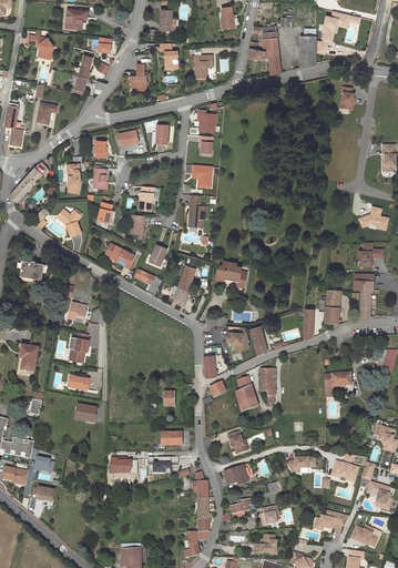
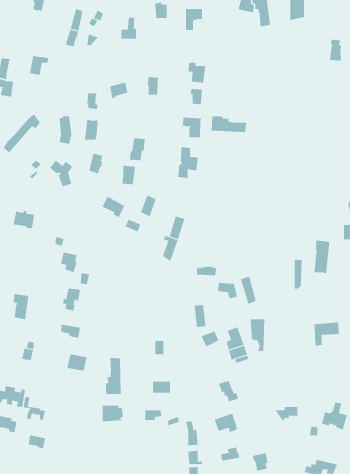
building: none -> [211,116,247,133]
building: [216,262,247,287] -> none
building: none -> [106,357,121,395]

